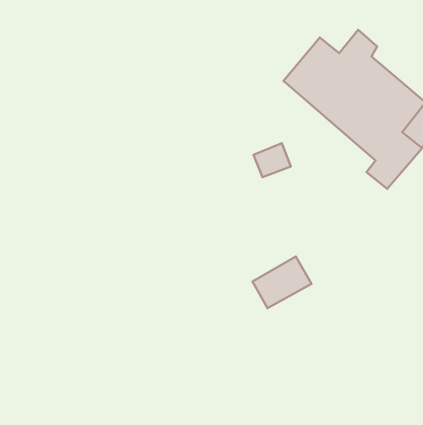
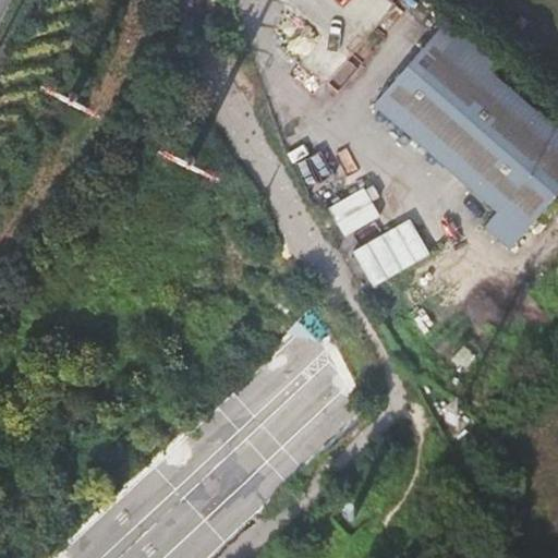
building: none -> [422,19,472,70]
building: [252,257,311,308] -> [357,216,435,283]

